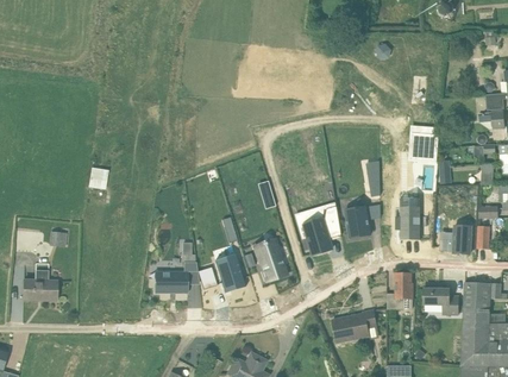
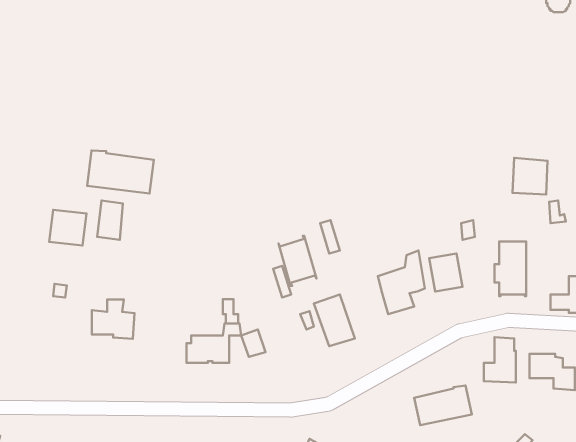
building: none -> [87,151,154,193]
building: none -> [49,210,86,245]
building: [215,253,245,293] -> [278,236,316,286]
building: [24,270,57,301] -> [92,300,134,339]

